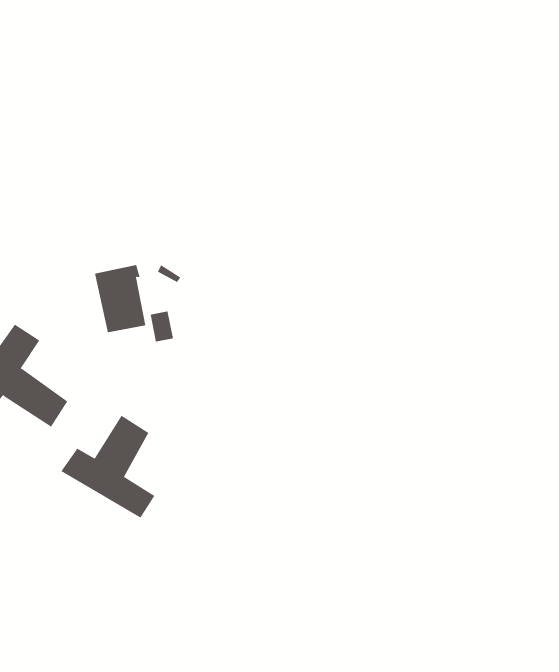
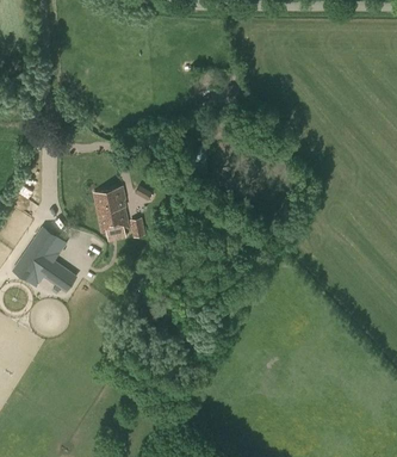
building: [61,415,155,519] -> none

